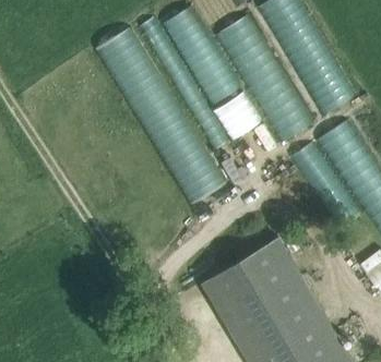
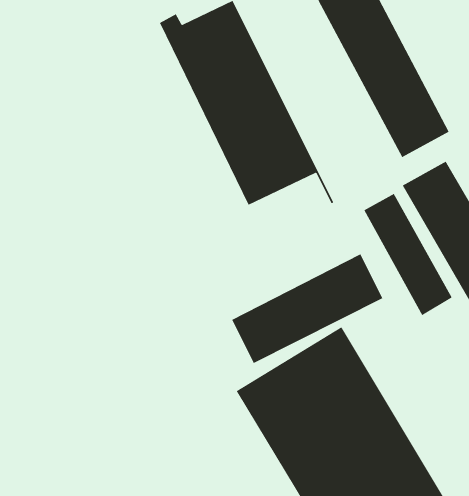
building: [222,14,310,142] -> none
building: [100,24,225,208] -> none
building: none -> [232,253,383,364]

